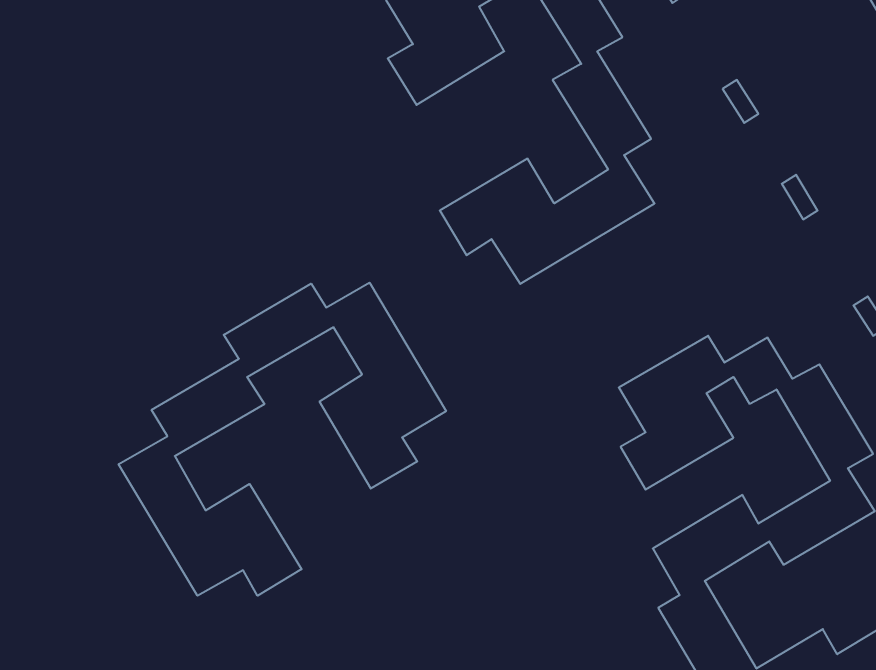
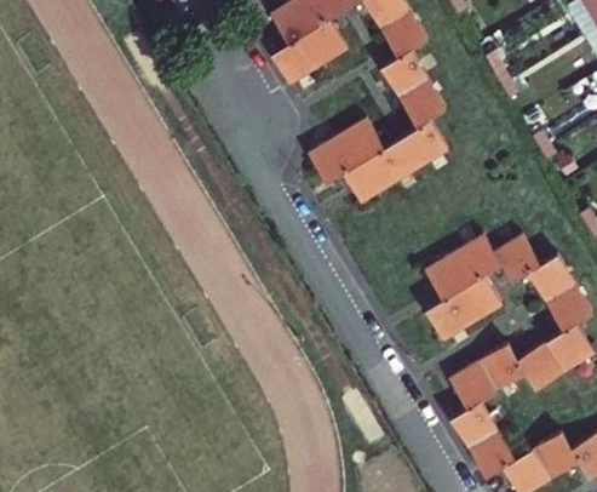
building: [119,283,446,596] -> none

